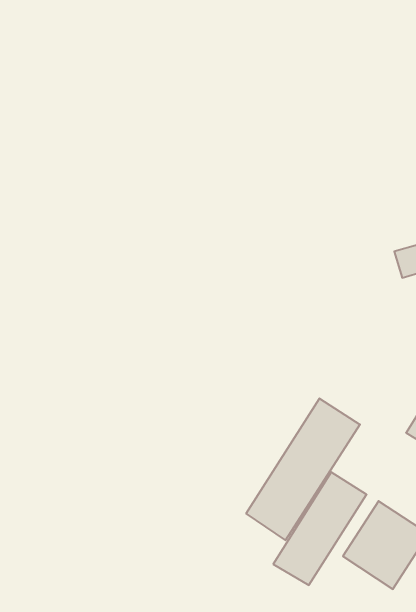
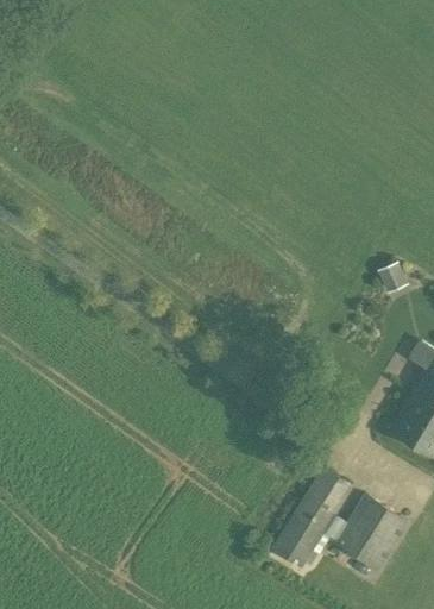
building: [246,398,360,540] -> none

